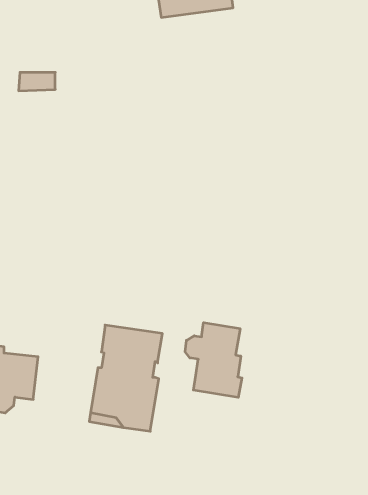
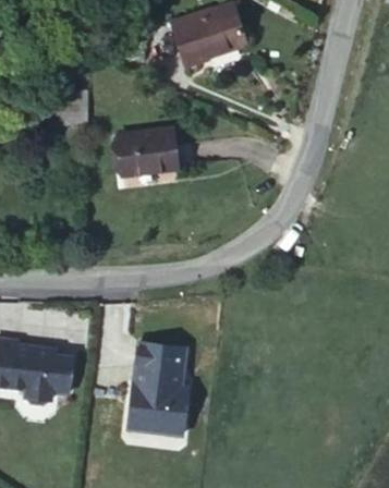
building: none -> [120,124,181,172]
building: [185,323,242,397] -> none

